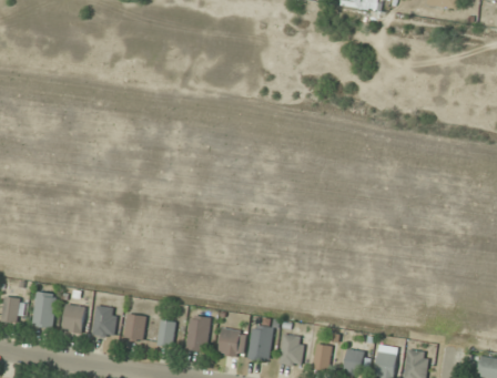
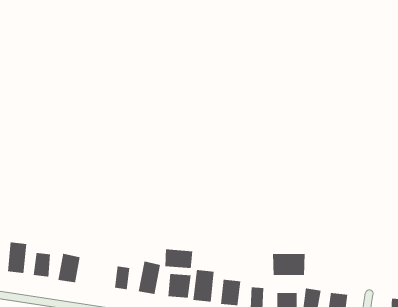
building: none -> [165,248,193,269]
building: none -> [273,253,305,276]
building: [123,314,145,341] -> none

